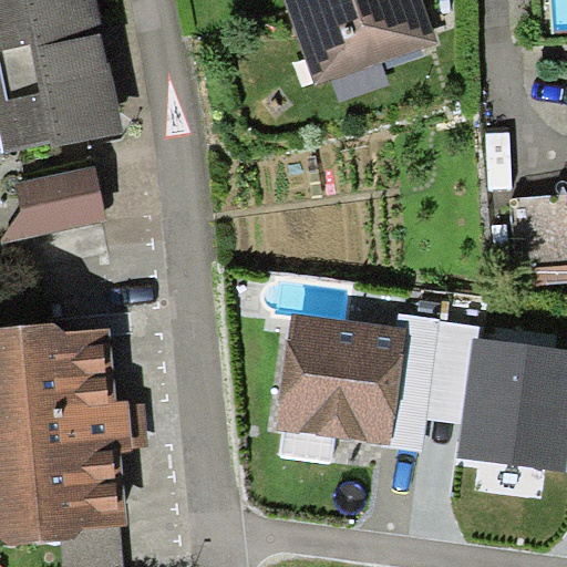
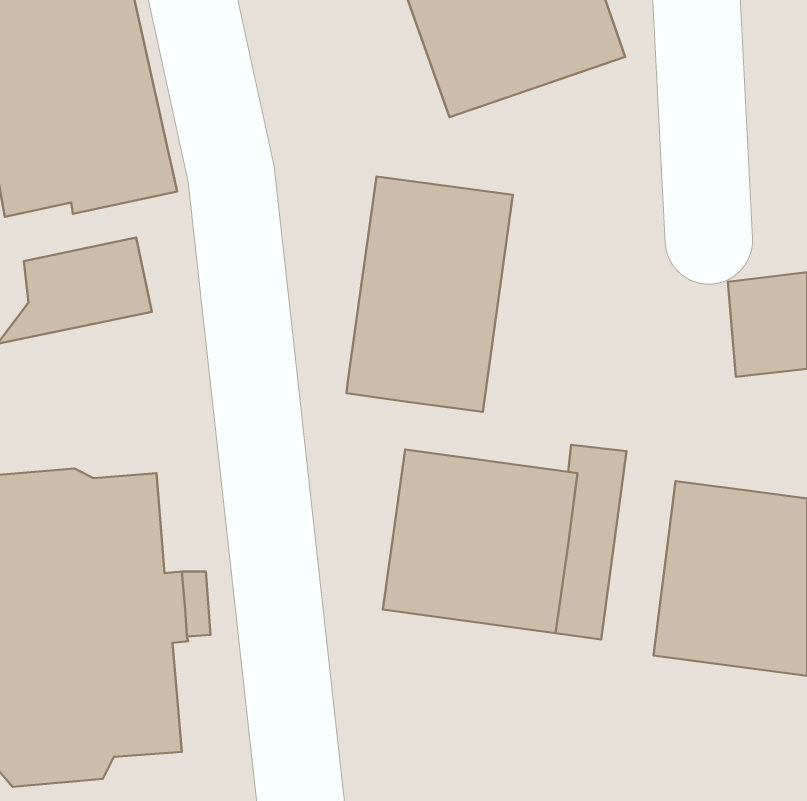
building: none -> [347,176,513,412]

